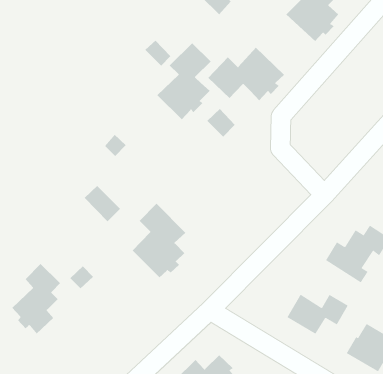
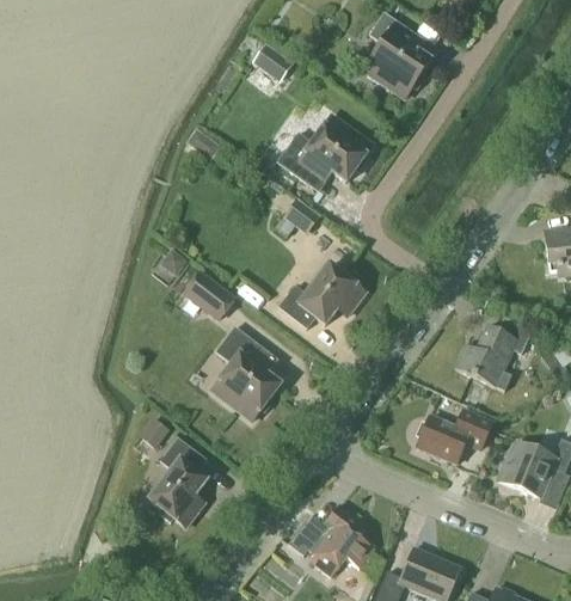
building: [157,43,211,120] -> none
building: none -> [278,264,366,329]
building: [84,185,121,222] -> [186,272,234,317]
building: [11,263,61,334] -> [149,437,207,527]

